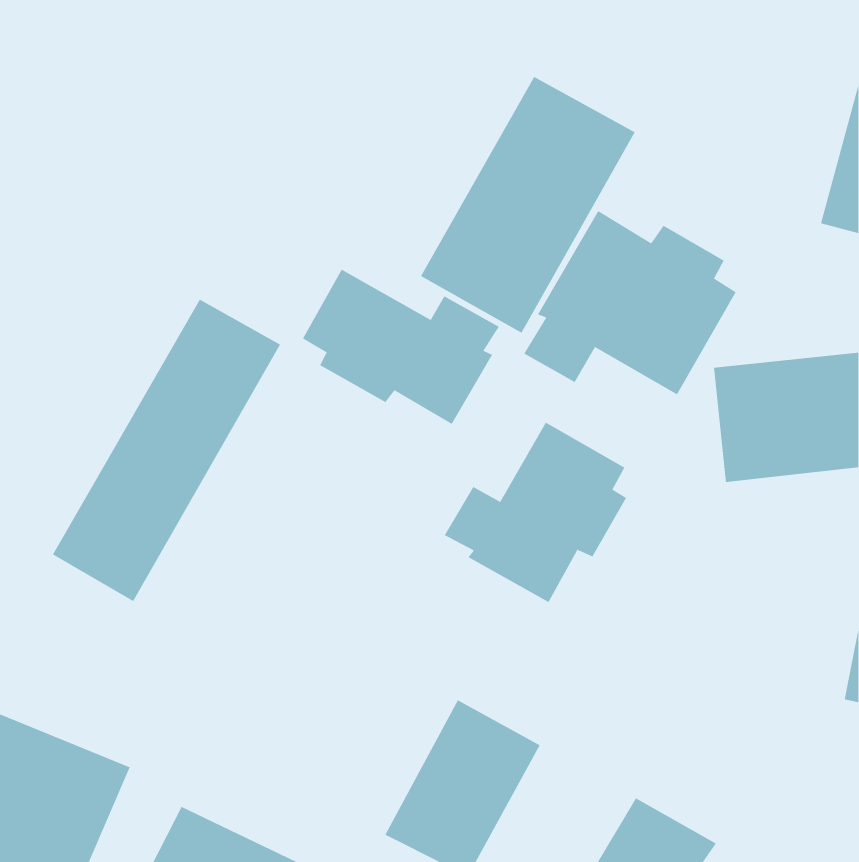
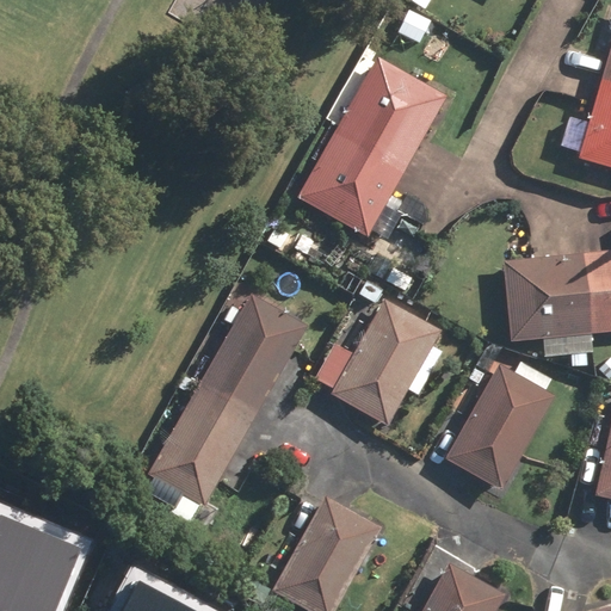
building: [523,210,737,395] -> none
building: [302,269,499,425] -> none
building: [52,299,281,602] -> [147,294,308,507]
building: none -> [445,362,555,490]

